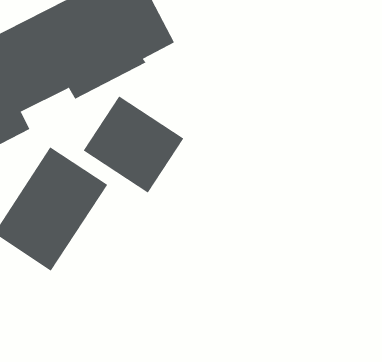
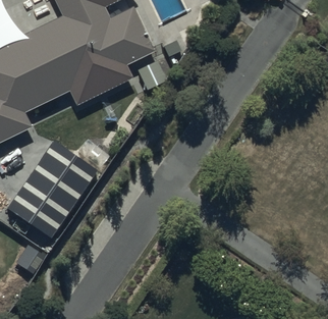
building: [83,95,184,194] -> none

